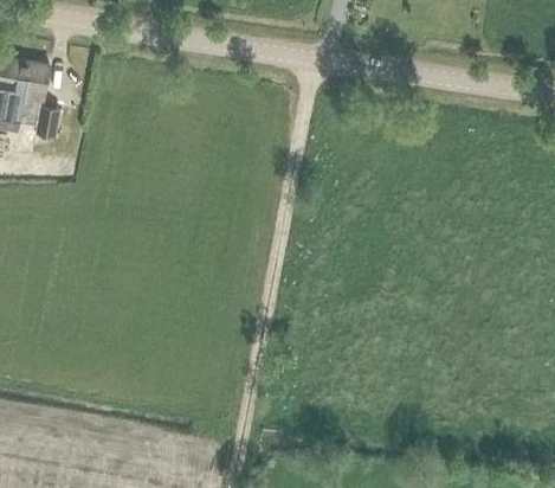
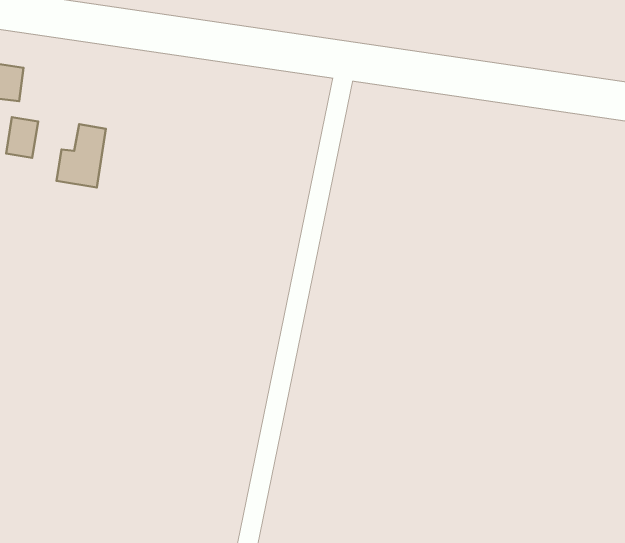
building: none -> [56,124,106,187]

